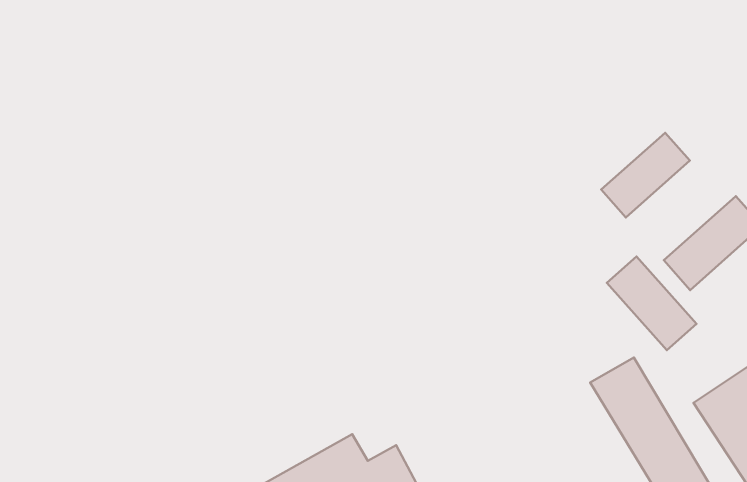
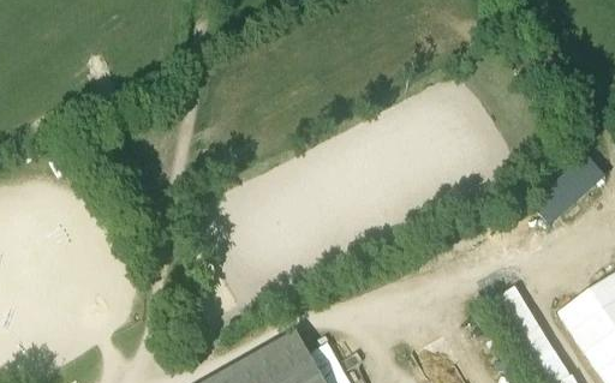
building: [601,133,690,217] -> none
building: [607,256,696,350] -> none

